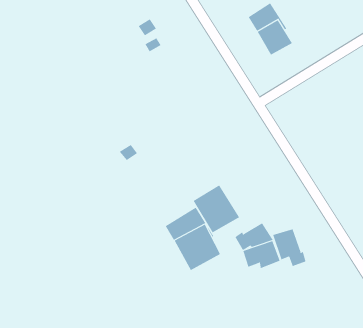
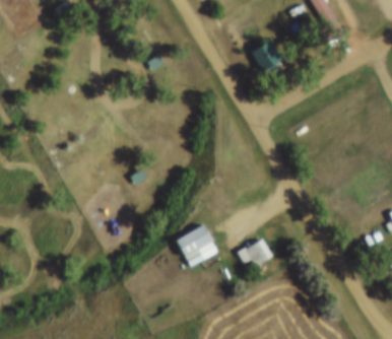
building: [193,184,240,233] -> none
building: [272,228,306,267] -> none

